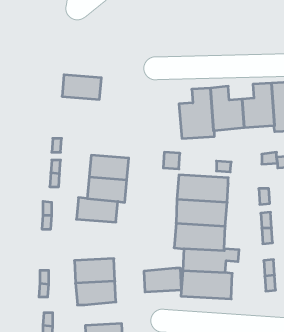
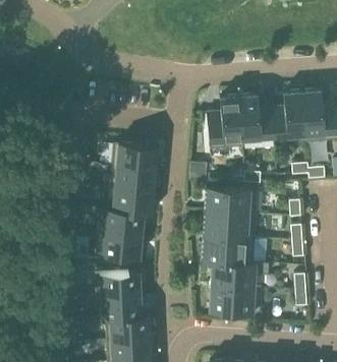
building: [62,75,101,99] -> [116,143,157,169]
building: none -> [99,232,142,258]
building: [144,268,181,292] -> [109,317,148,342]

